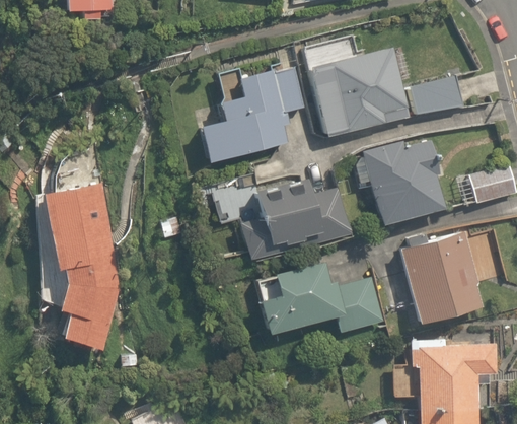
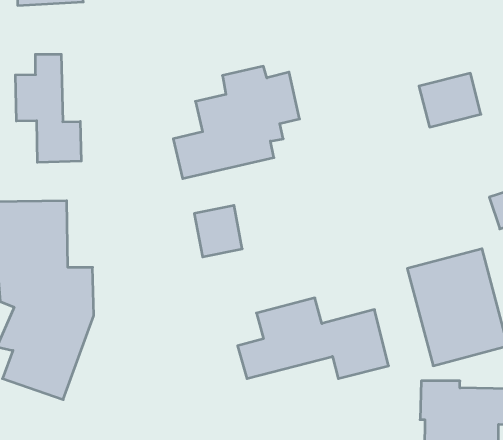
building: [310,44,411,140] -> none
building: none -> [15,54,81,162]
building: [362,136,444,227] -> none
building: [240,191,350,261] -> none

